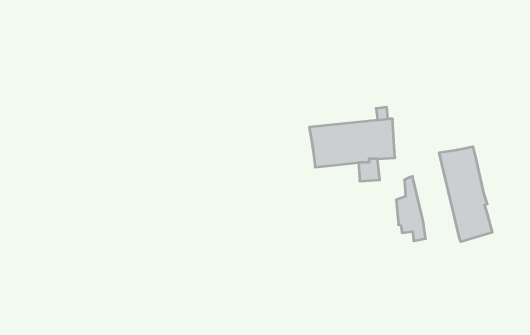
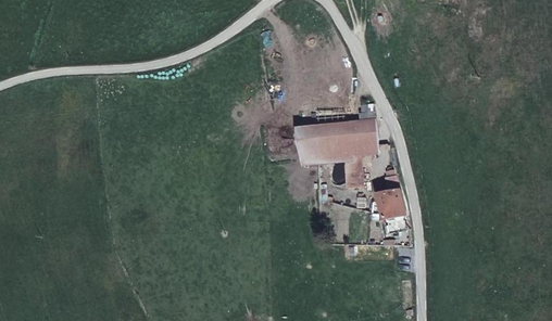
building: [439,147,492,242] -> none

